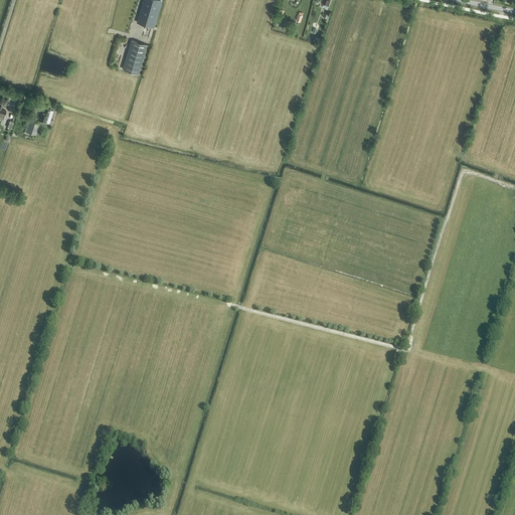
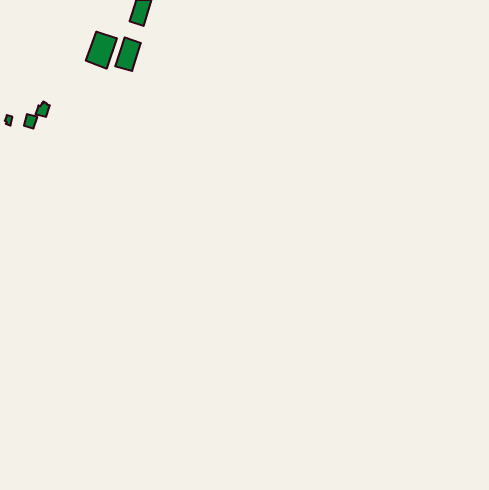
building: none -> [86,32,117,69]

